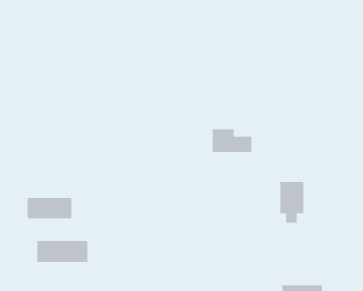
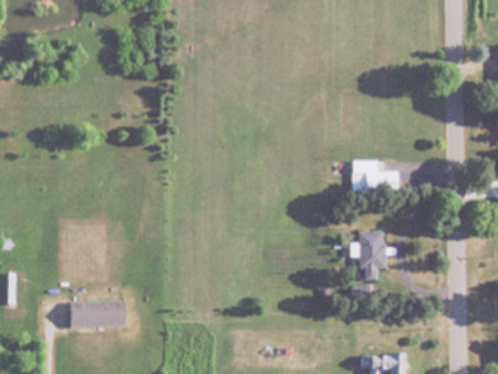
building: [212,128,252,153] -> [350,162,397,190]
building: [27,197,72,219] -> none

